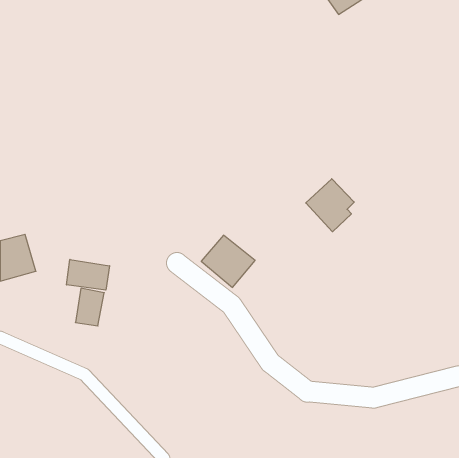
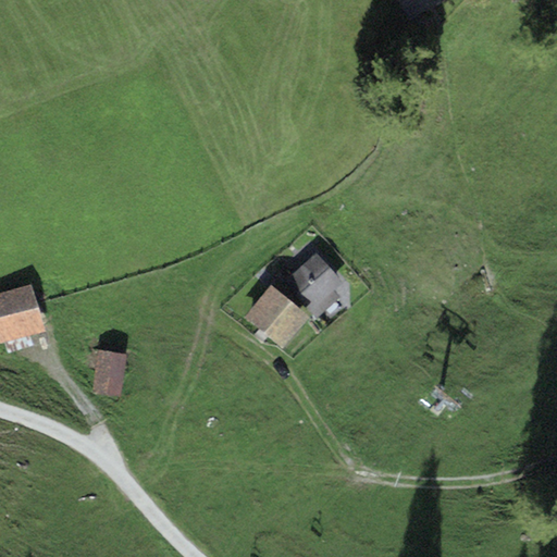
building: [306,179,354,232] -> [284,252,343,317]
building: [67,259,110,290] -> none

